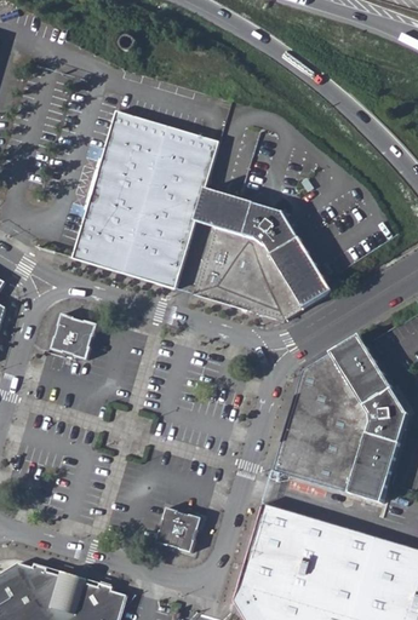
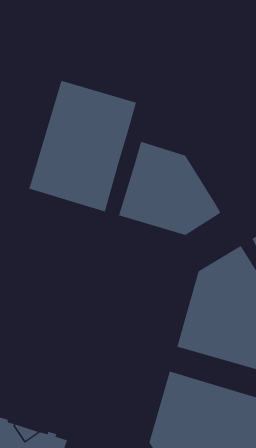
building: [195,188,223,226] -> none
building: [50,315,96,360] -> none
building: [154,510,199,555] -> none

